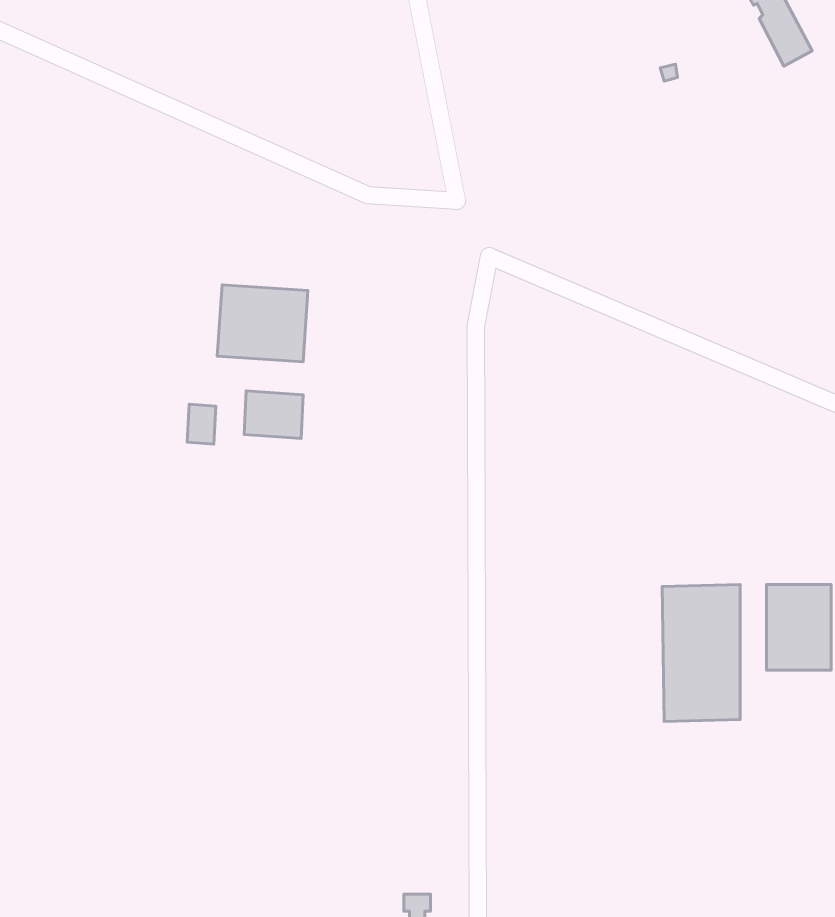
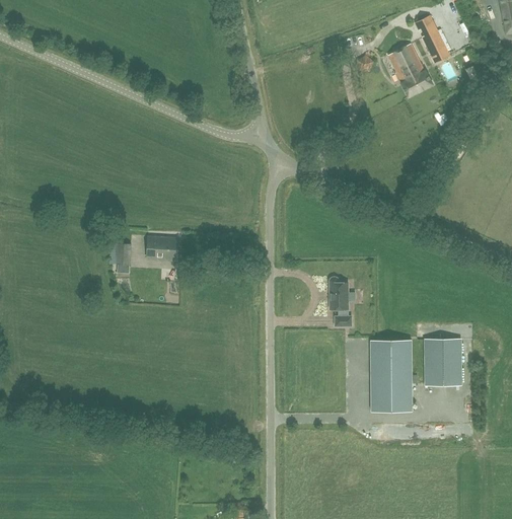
building: none -> [387,43,432,96]
building: [217,285,308,362] -> none
building: none -> [328,277,351,325]

